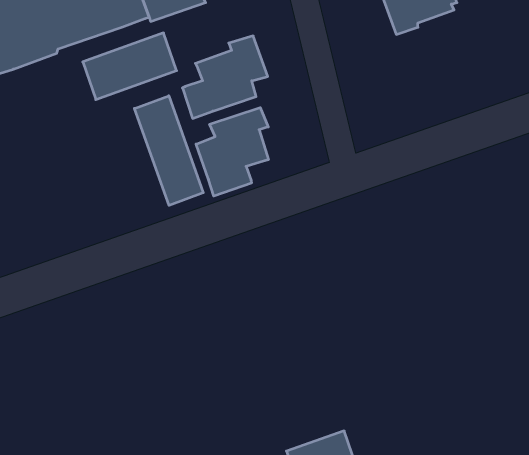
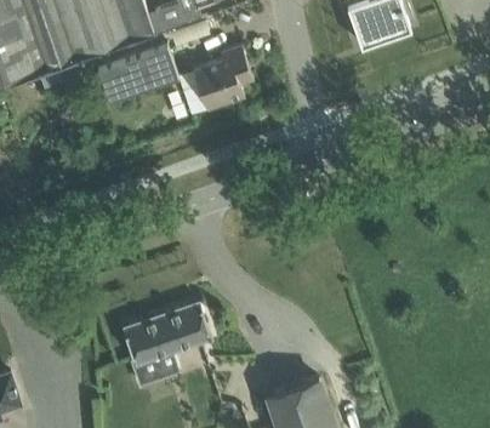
building: [134,96,203,205] -> none
building: [196,108,268,196] -> none
building: none -> [122,301,210,386]

